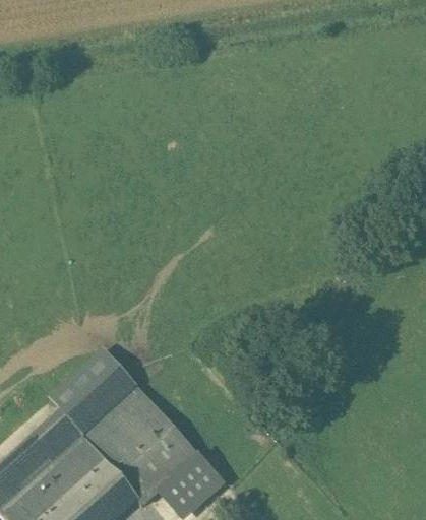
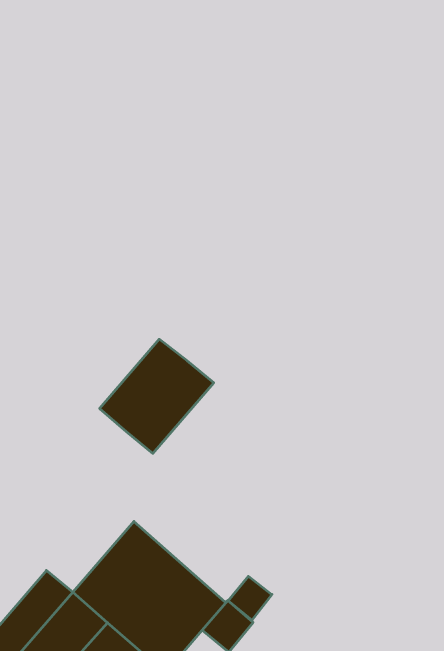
building: [55,355,140,438] -> [100,339,214,453]
building: none -> [228,576,272,620]

